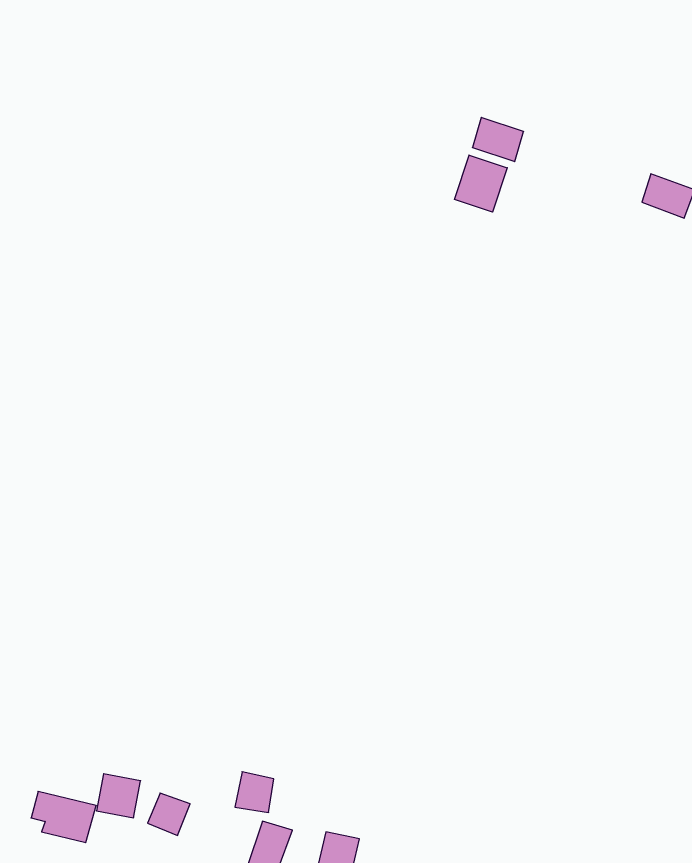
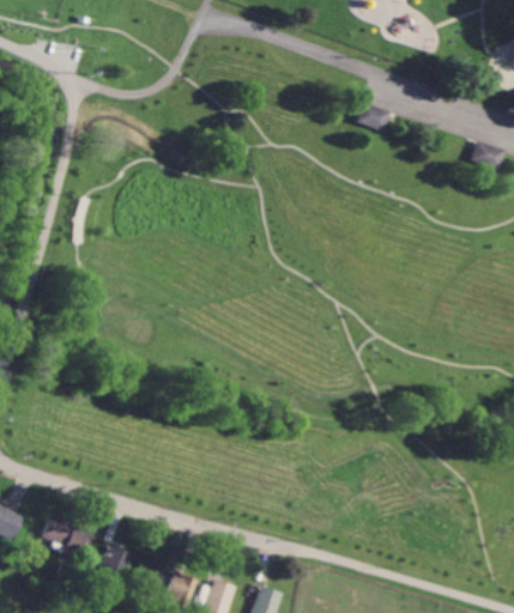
building: [454,155,507,212] -> none
building: [235,772,274,812] -> [169,572,195,600]
building: [31,791,96,843] -> [43,518,87,553]

